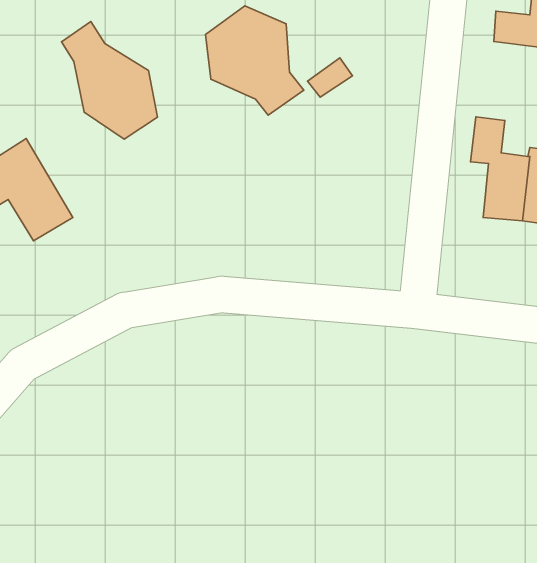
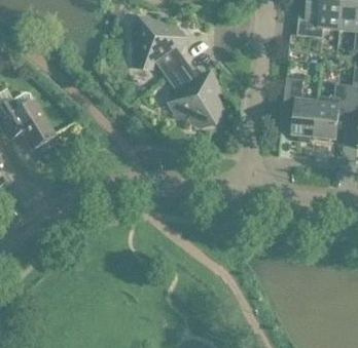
building: [61,21,158,139] -> none
building: none -> [167,61,222,123]

